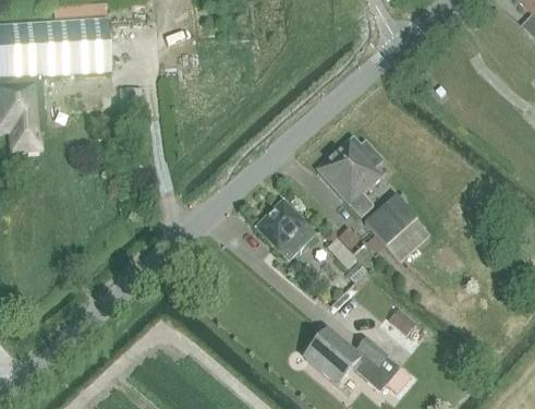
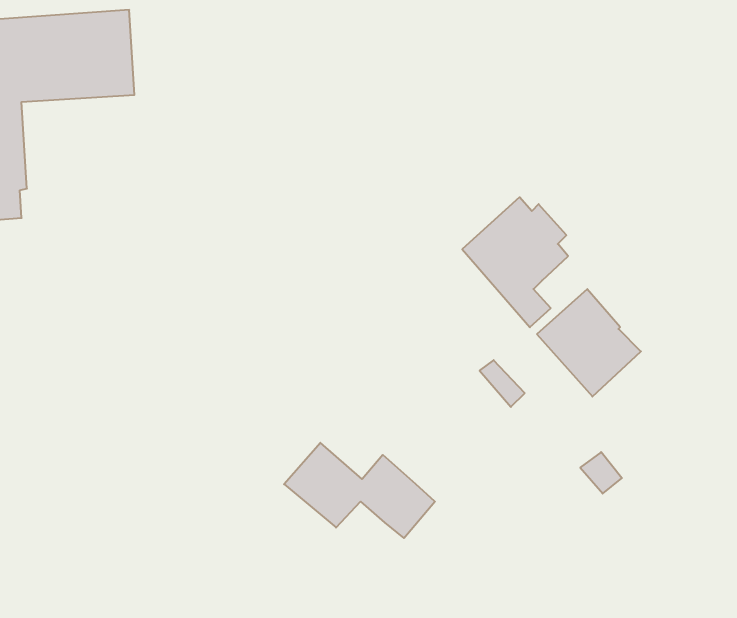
building: [255,199,316,260] -> none
building: [304,329,399,389] -> [284,443,435,538]

